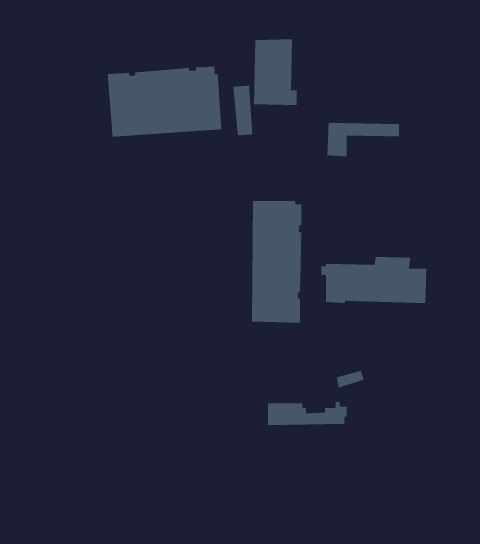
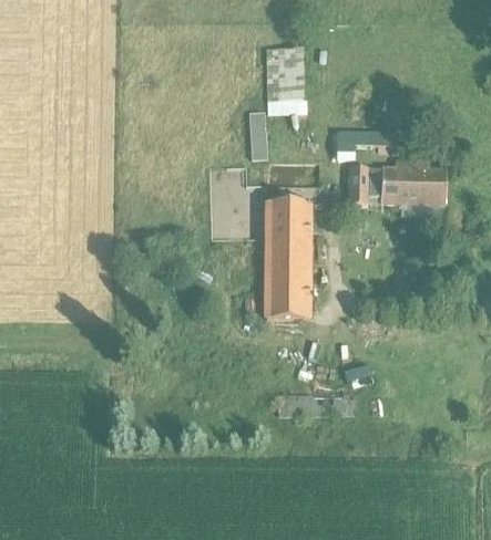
building: [107,66,222,137] -> none
building: [320,256,427,304] -> [345,158,447,204]

